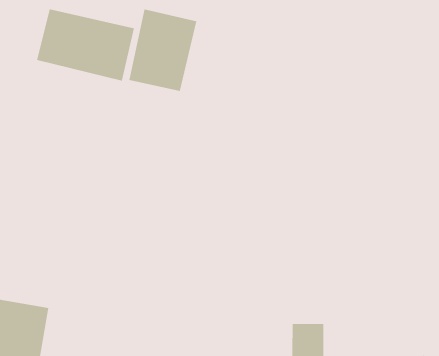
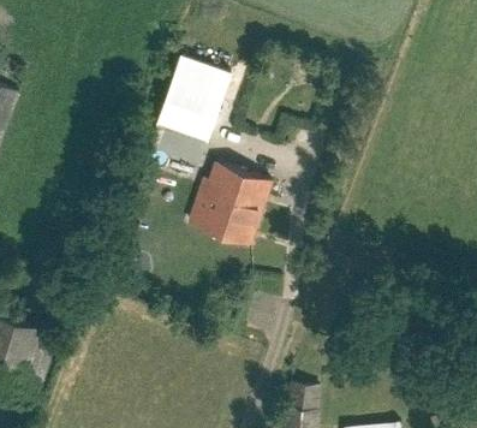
building: [36,9,134,82] -> none
building: none -> [187,166,269,246]

